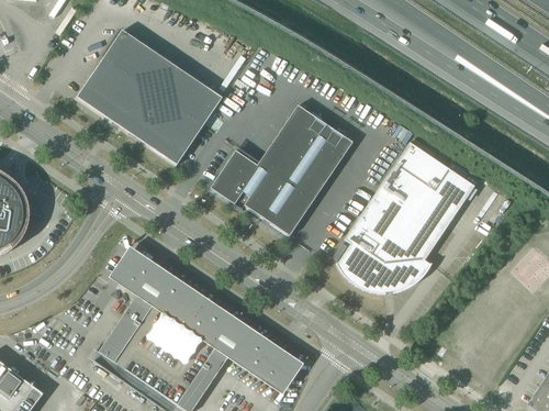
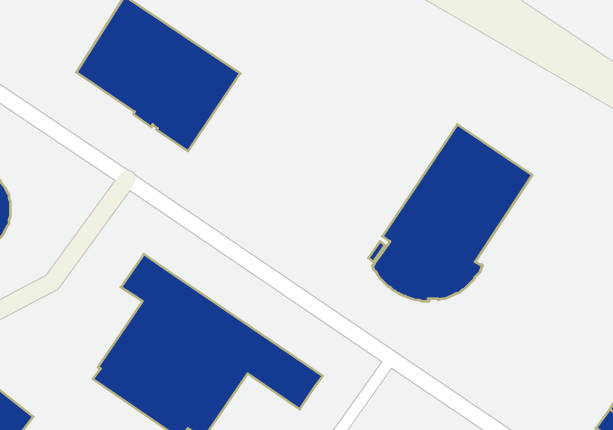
building: [211,104,354,235] -> none

